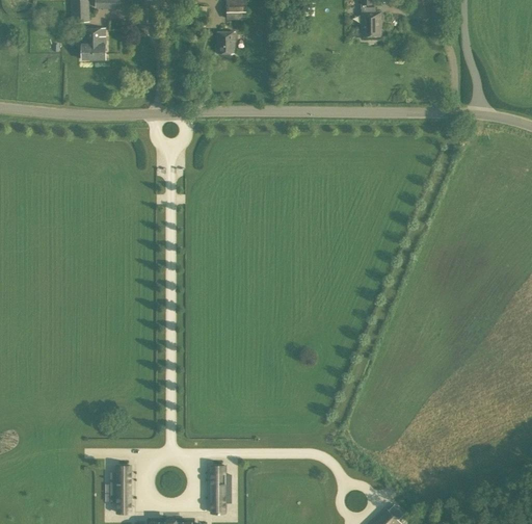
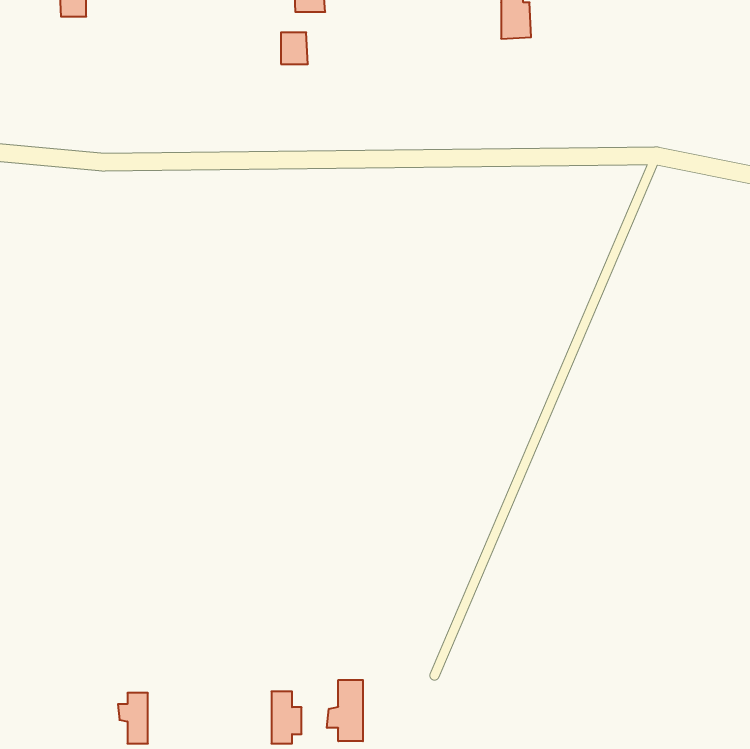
building: [81,28,105,59] -> none
building: none -> [327,680,363,741]

